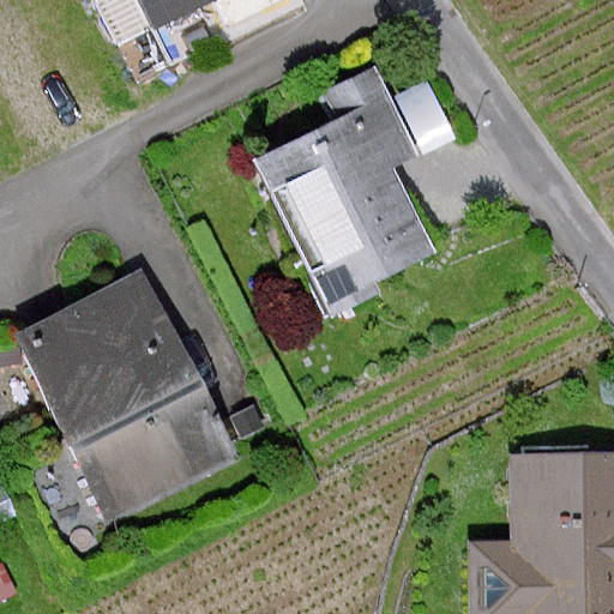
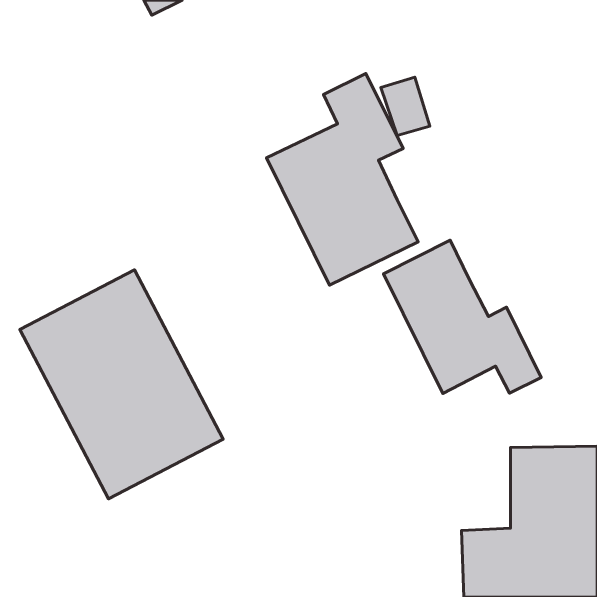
building: none -> [384,240,541,394]

